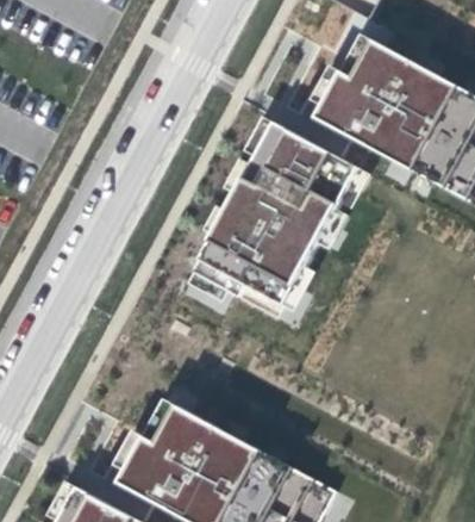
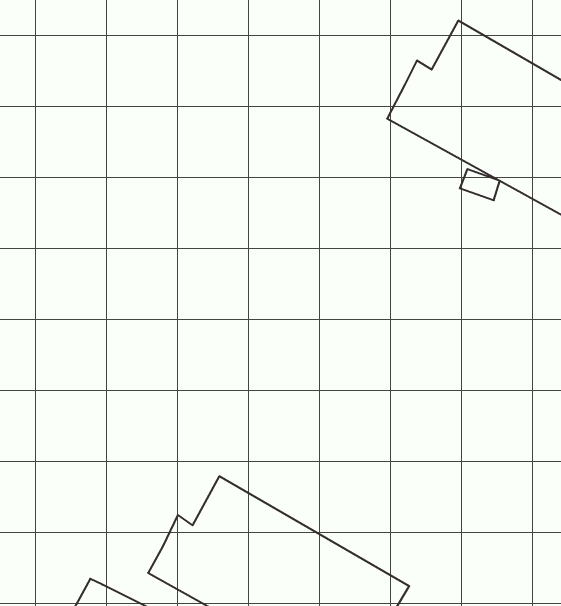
building: [187,125,351,310] -> none

